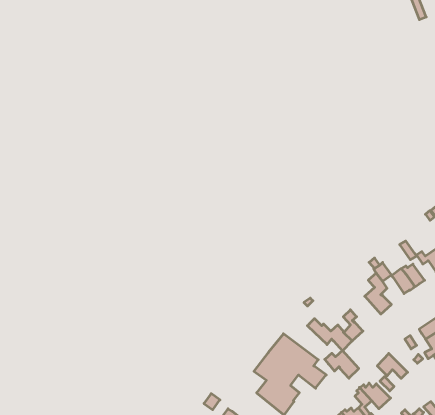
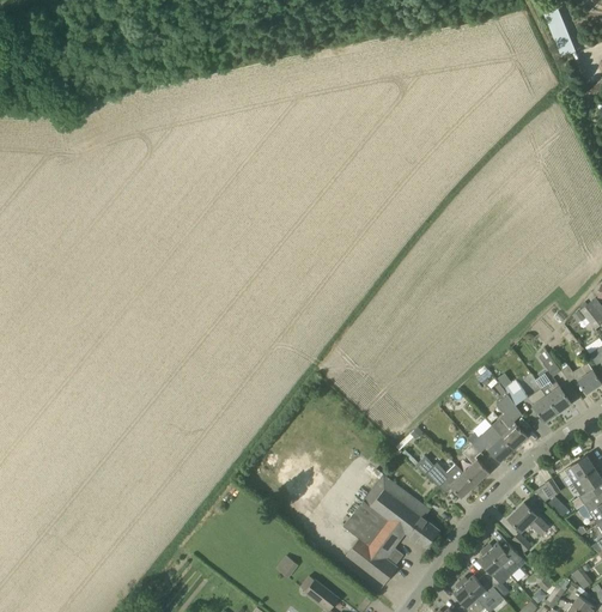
building: [325,351,359,378] -> [468,426,513,463]

